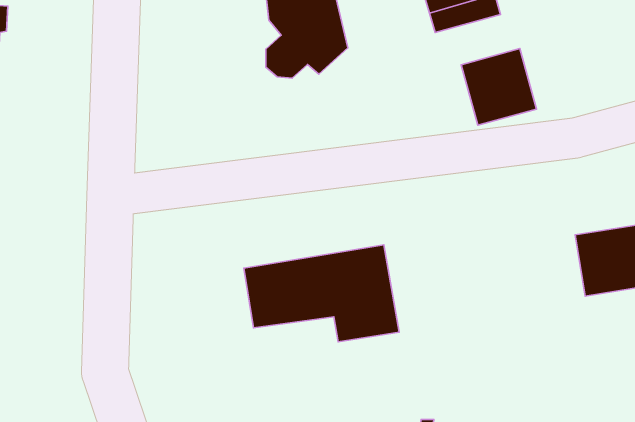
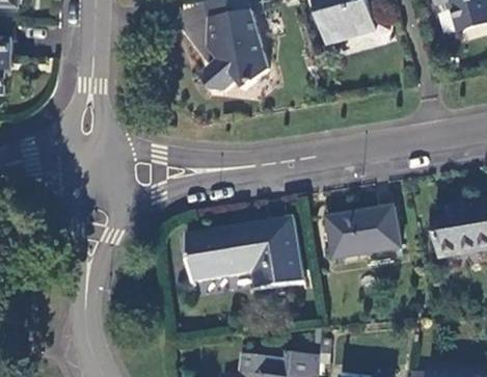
building: [461,49,537,125] -> none
building: none -> [328,207,399,258]

